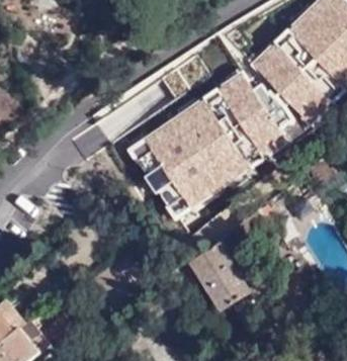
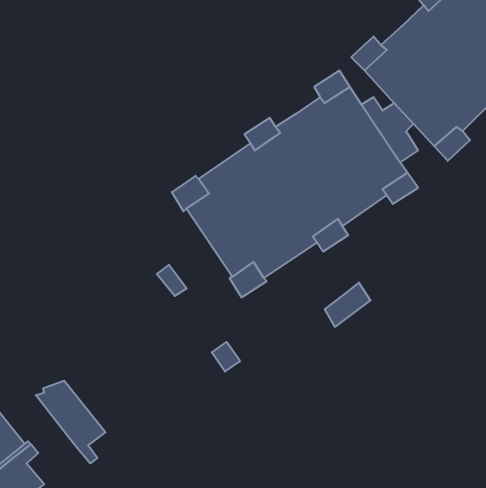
building: [189,241,251,335] -> none
building: none -> [36,381,106,463]

